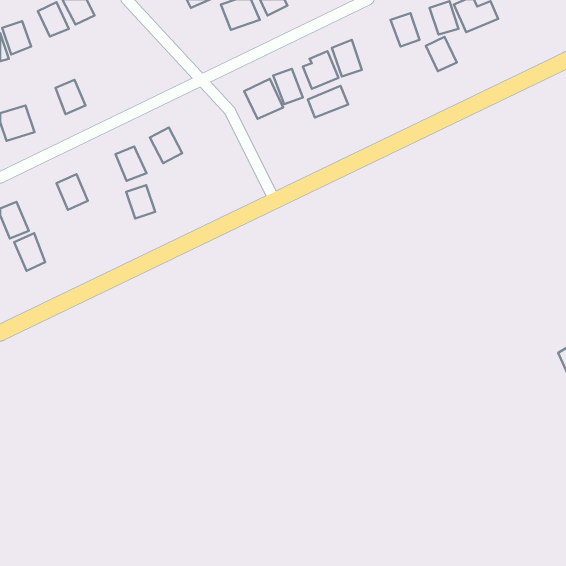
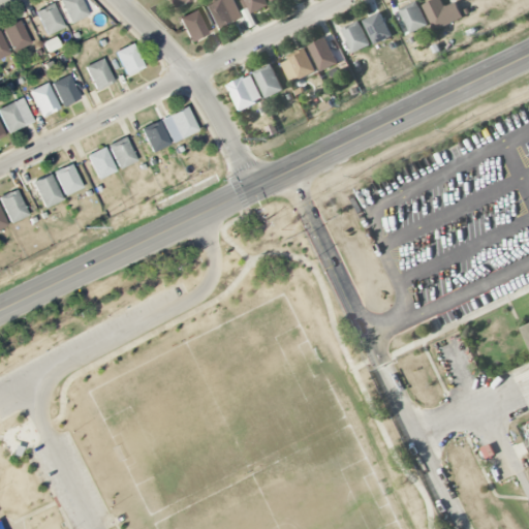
building: none -> [180,9,209,41]
building: [426,37,457,71] -> [342,21,371,53]
building: none -> [116,42,145,75]
building: none -> [85,57,114,90]
building: [308,86,348,117] -> none
building: none -> [30,82,60,117]
building: none -> [165,105,198,138]
building: [126,185,155,219] -> [88,147,115,178]
building: [14,233,45,271] -> [33,173,62,208]

